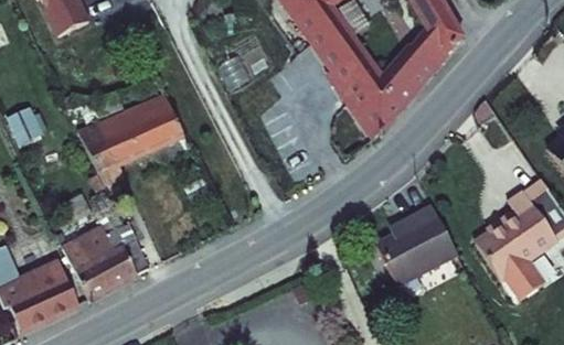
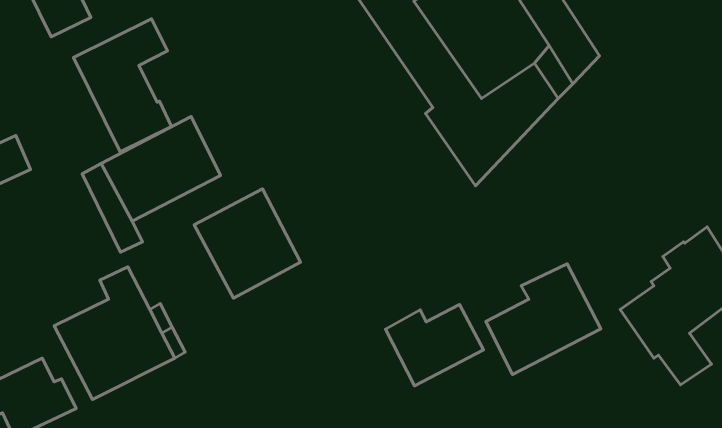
building: none -> [74,19,172,152]
building: none -> [194,189,300,298]
building: none -> [386,304,484,386]

